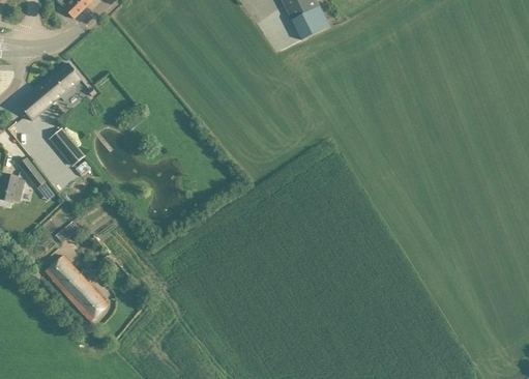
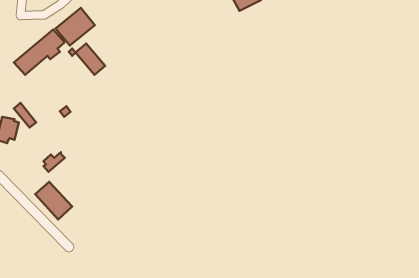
building: none -> [55,8,95,45]
building: [48,126,85,166] -> [76,44,105,75]
building: [74,286,108,321] -> none

